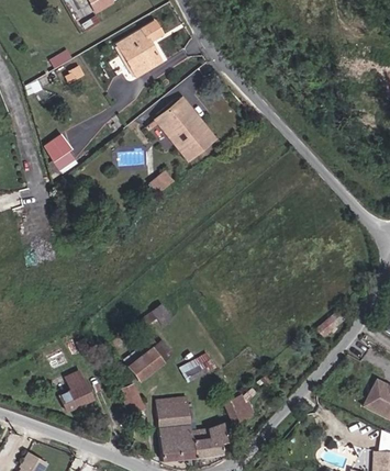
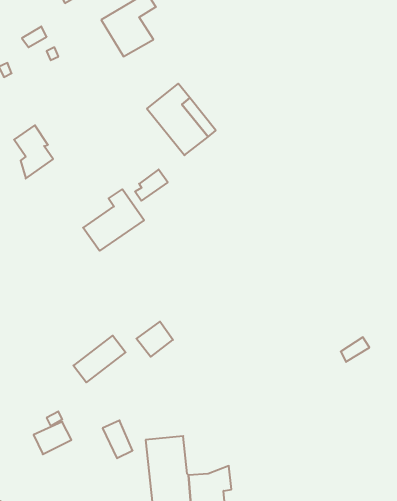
building: none -> [83,189,144,251]
building: [127,339,171,379] -> [73,336,126,382]
building: [179,352,214,381] -> none
building: [223,394,252,423] -> none

